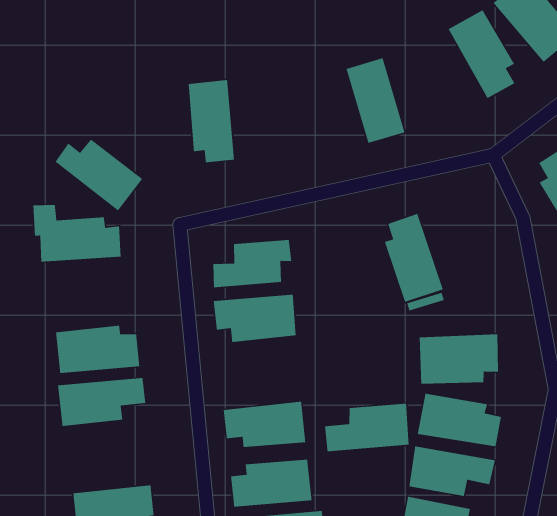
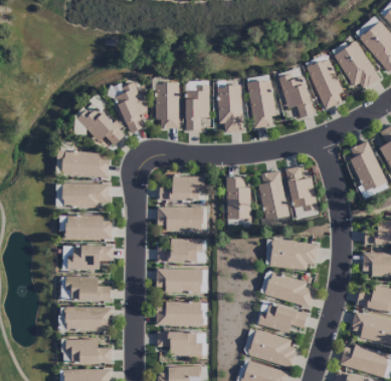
building: none -> [277,67,313,117]
building: none -> [217,84,242,131]
building: none -> [184,85,209,130]
building: none -> [114,81,147,133]
building: none -> [283,165,318,211]
building: none -> [225,176,250,219]
building: none -> [62,182,109,207]
building: [324,403,409,452] -> [157,238,205,263]
building: none -> [65,276,111,301]

